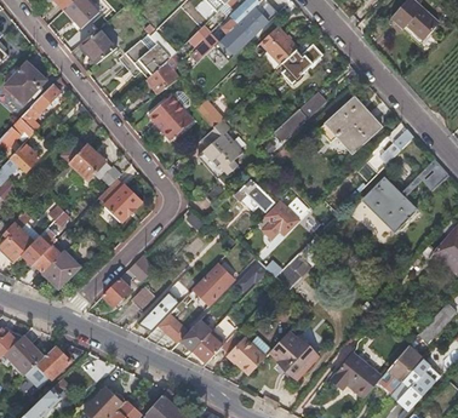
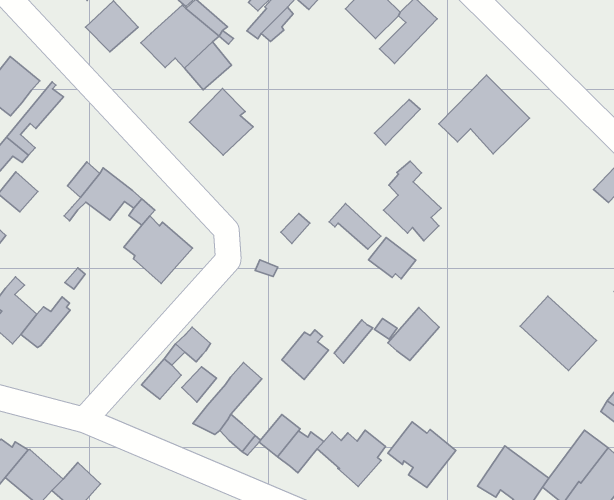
building: [202,119,242,174] -> [383,161,441,241]
building: [365,178,417,230] -> [520,296,596,370]
building: [35,240,79,287] -> none

